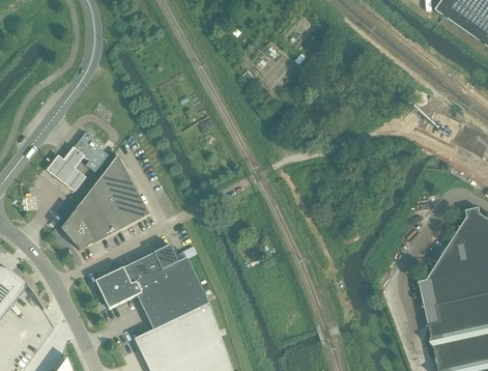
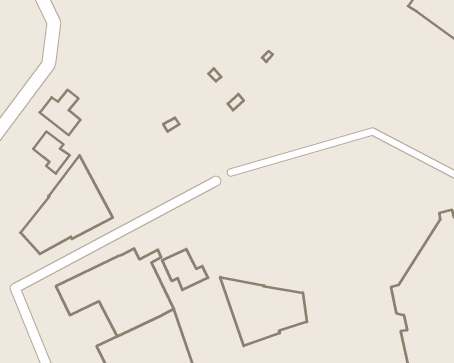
building: [47,148,86,192] -> [40,90,80,135]
building: none -> [162,249,208,290]
building: none -> [220,277,307,346]

